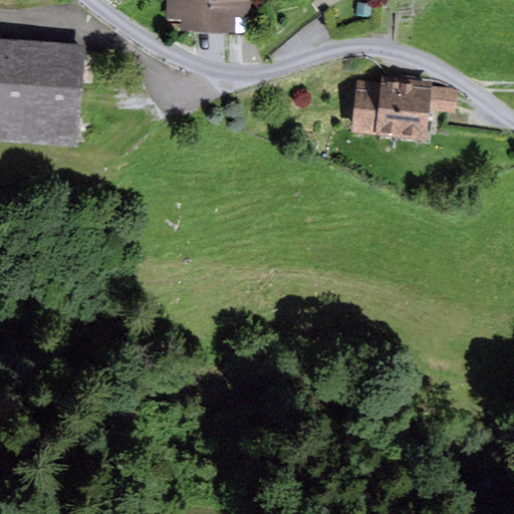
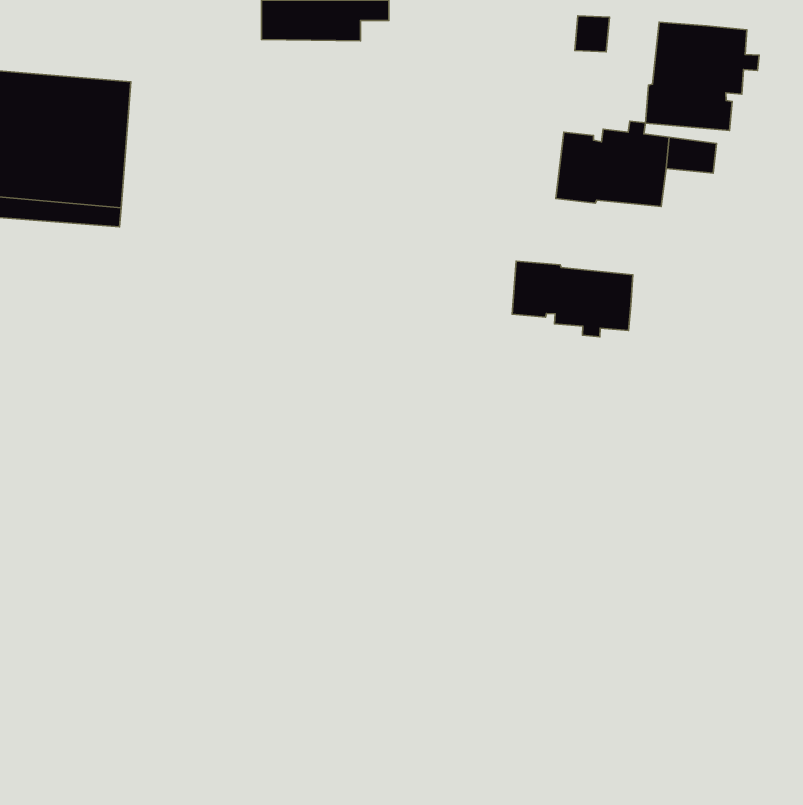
building: none -> [646,22,759,130]
building: none -> [512,261,633,337]

